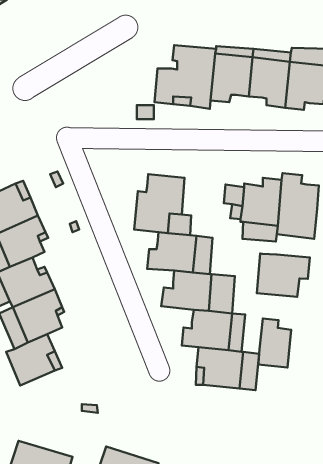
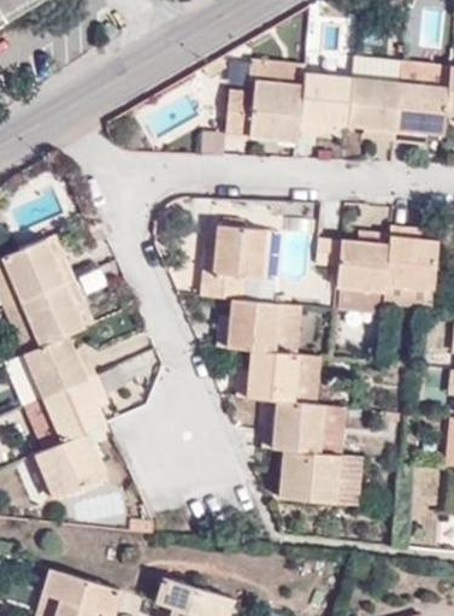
building: [257,253,310,297] -> none
building: [258,318,291,368] -> none

